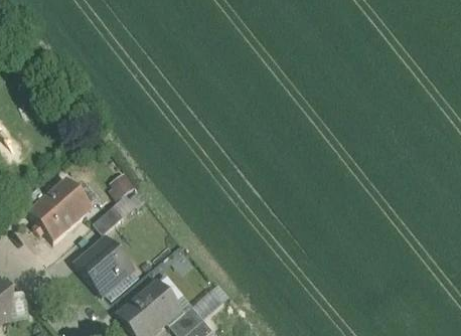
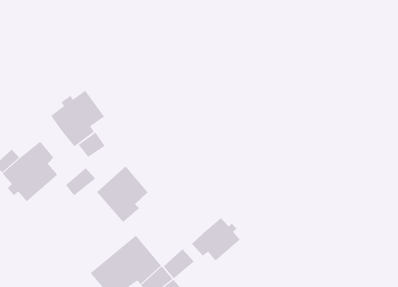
building: none -> [50,90,105,147]
building: [78,236,131,295] -> [96,166,149,223]
building: none -> [191,217,241,261]

